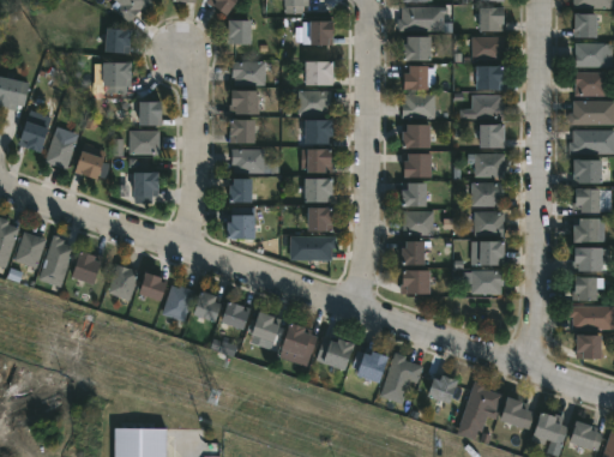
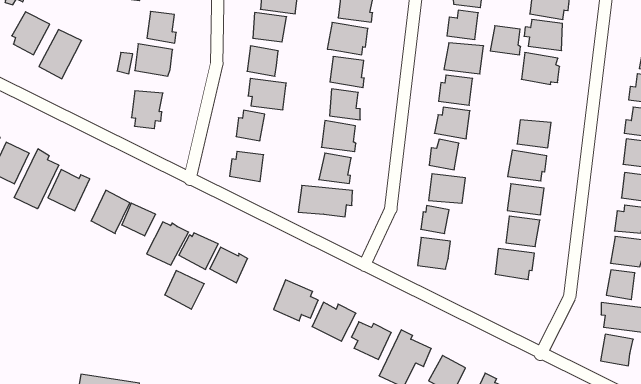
building: [478,125,505,148] -> [490,26,521,55]
building: [72,142,104,178] -> none
building: [248,312,282,344] -> [165,271,204,309]

